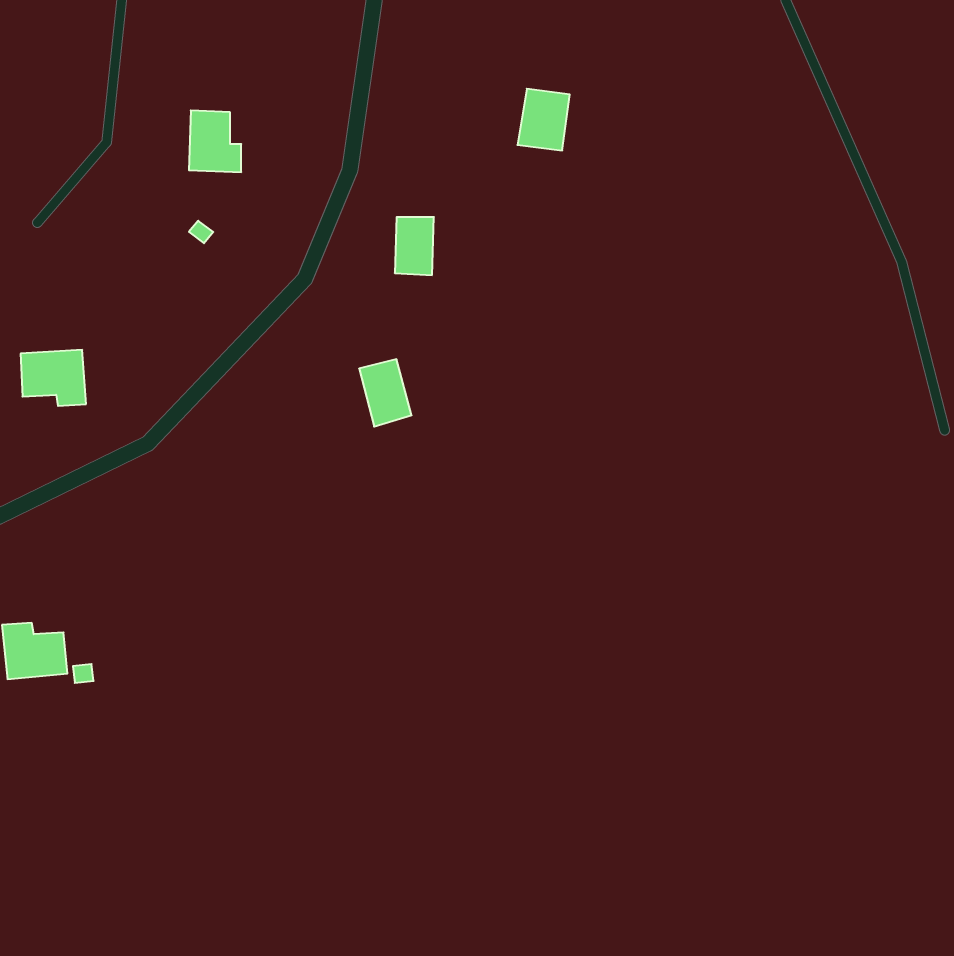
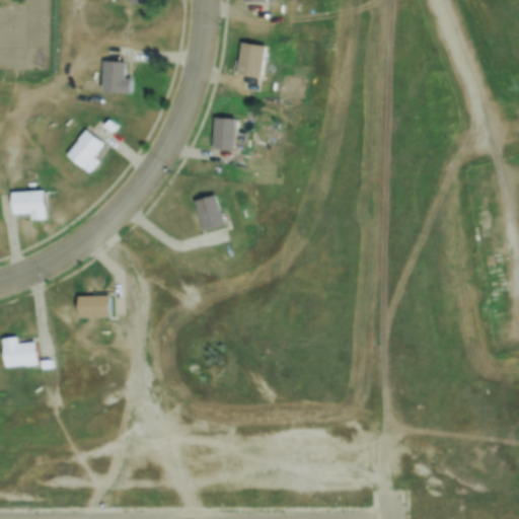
building: [517,89,570,150] -> [237,43,266,76]
building: none -> [66,130,103,173]
building: none -> [78,295,109,317]

